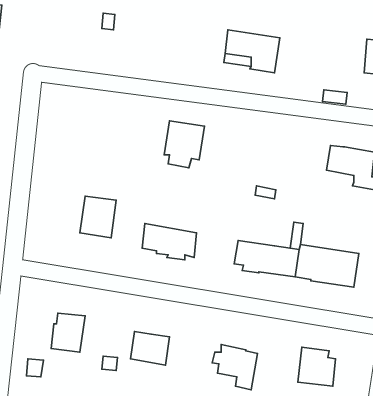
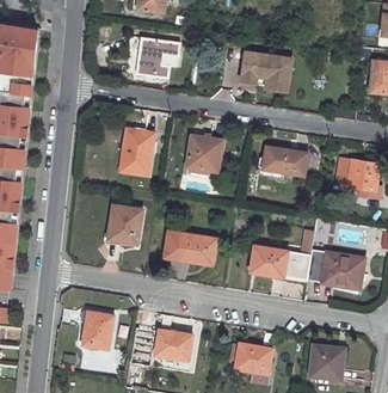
building: none -> [137,39,179,78]
building: none -> [124,128,155,176]
building: none -> [263,147,308,177]

